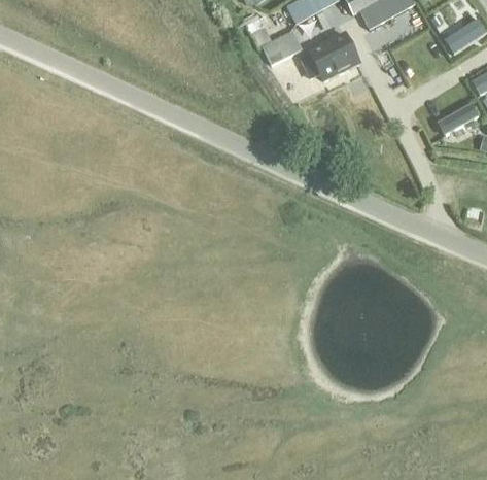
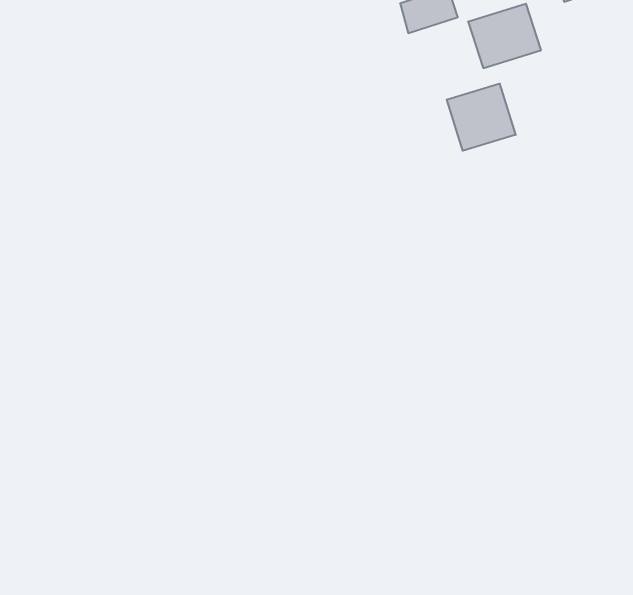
building: none -> [447,84,516,151]

